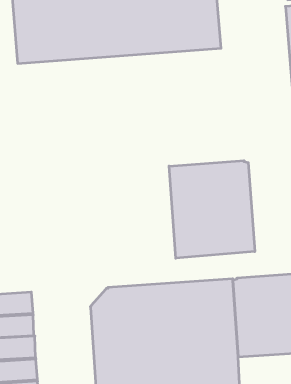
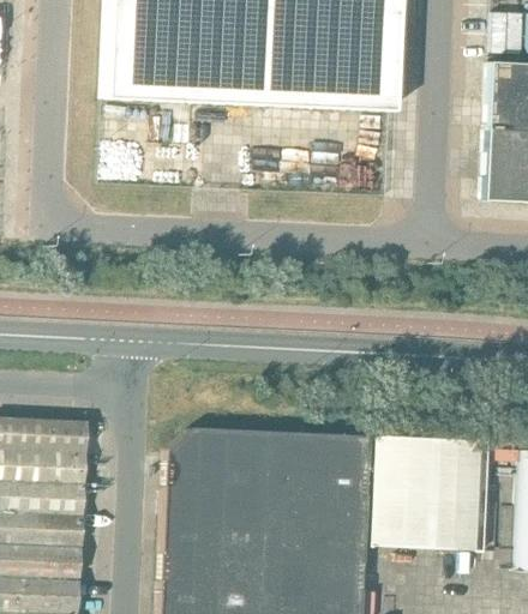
building: [169,161,255,258] -> none

